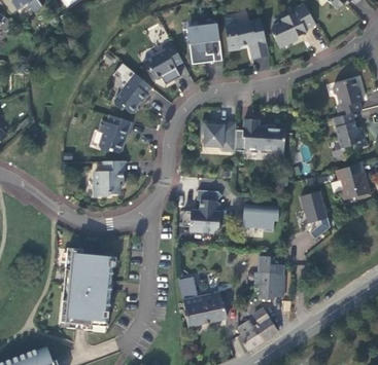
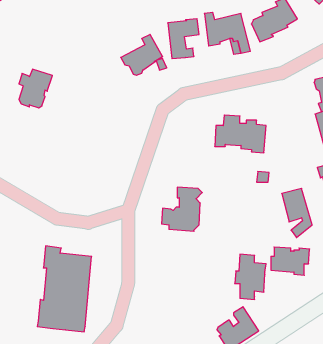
building: [114,72,152,113] -> none
building: [99,116,132,154] -> [19,69,52,108]
building: [201,121,236,151] -> none
building: [94,161,125,196] -> none
building: [241,205,279,232] -> [271,247,310,275]
building: [180,277,227,327] -> none

